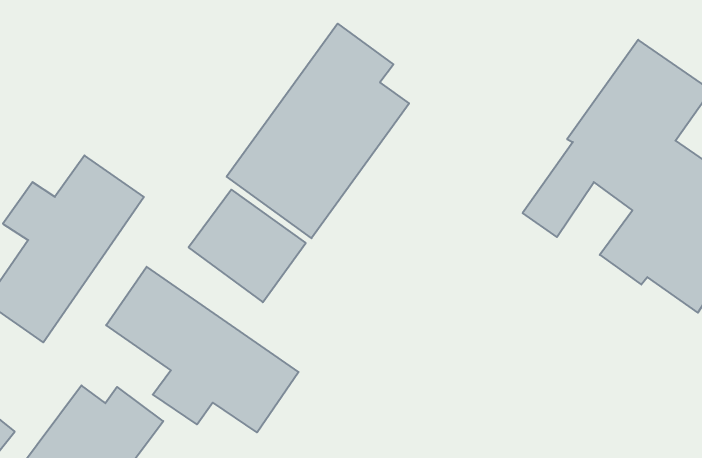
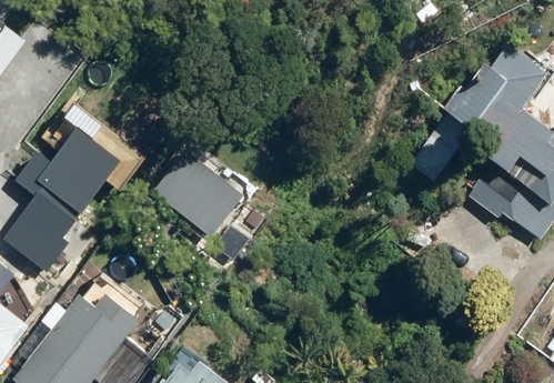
building: [227,24,409,238] -> none
building: [106,267,299,432] -> none

